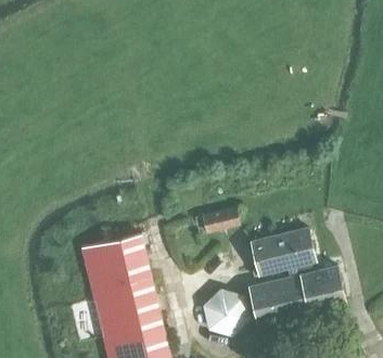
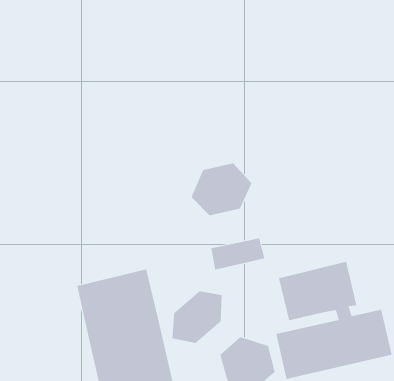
building: none -> [191,162,252,216]
building: none -> [172,291,222,344]

